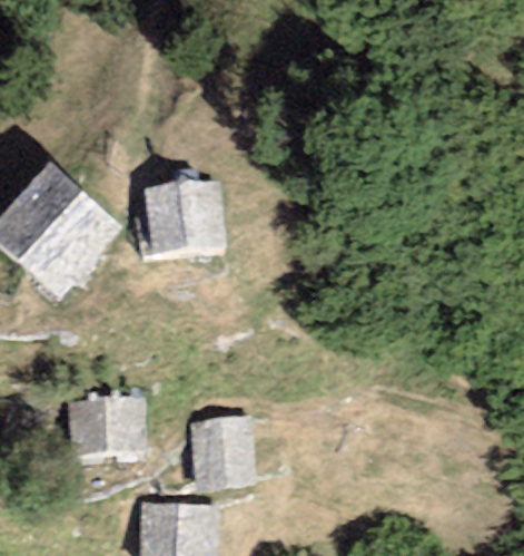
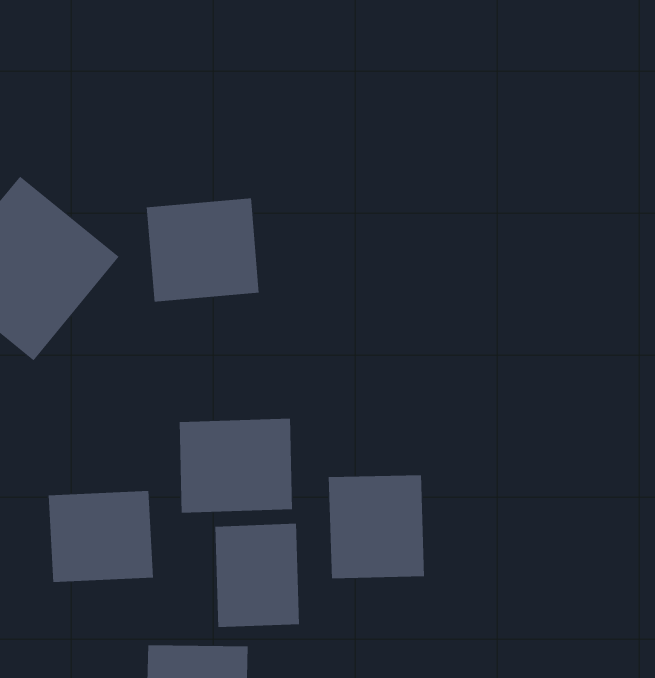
building: none -> [179,418,293,513]
building: none -> [328,474,425,579]

